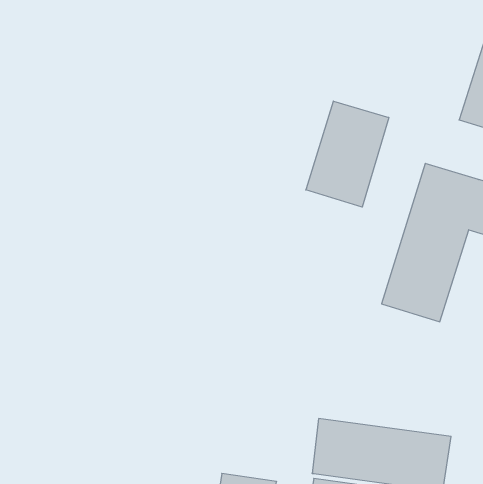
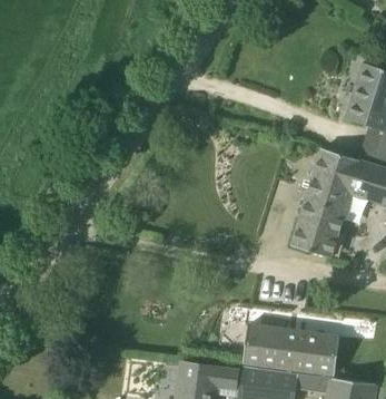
building: [306,101,389,207] -> none

